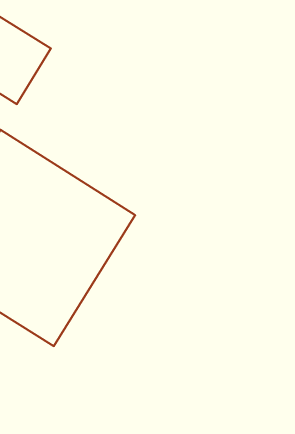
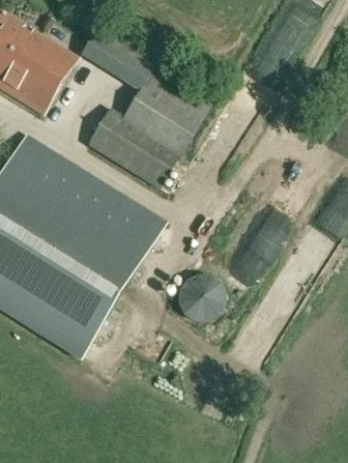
building: none -> [82,27,214,186]
building: none -> [175,272,225,323]

